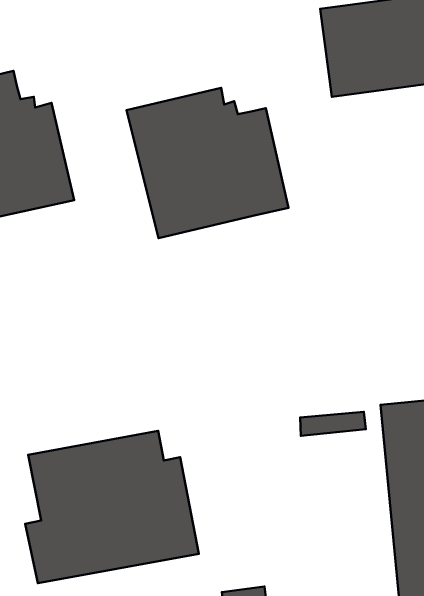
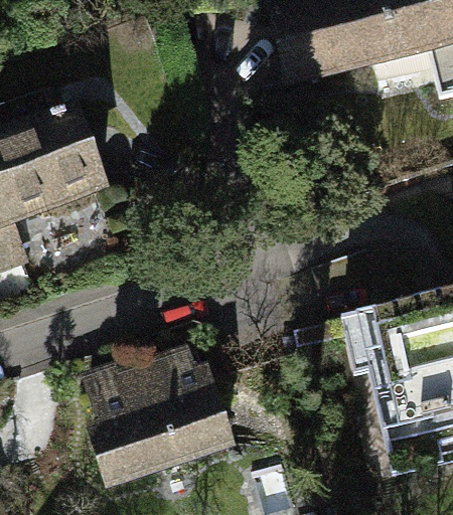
building: [127,88,289,238] -> none

